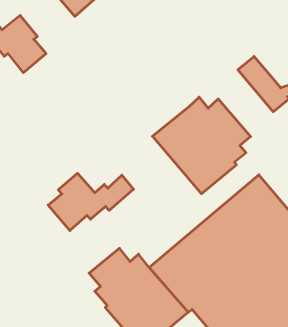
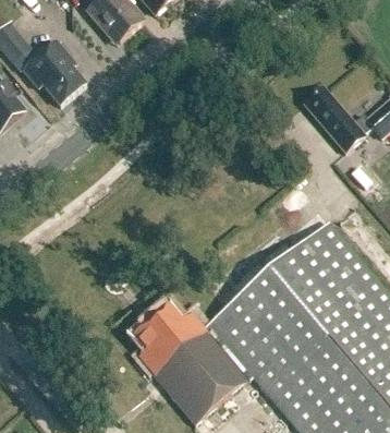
building: [152,97,251,194] -> none
building: [48,173,134,231] -> none

